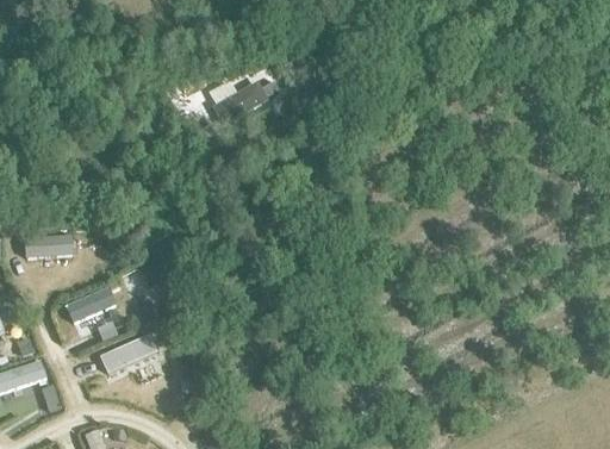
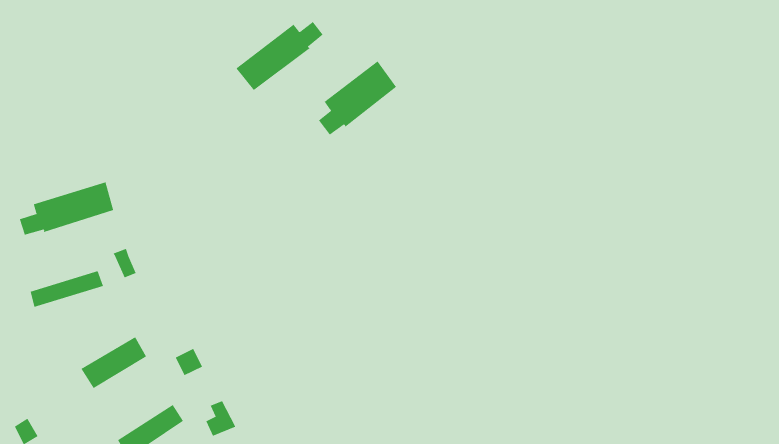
building: none -> [318,60,397,135]
building: none -> [19,182,114,236]

